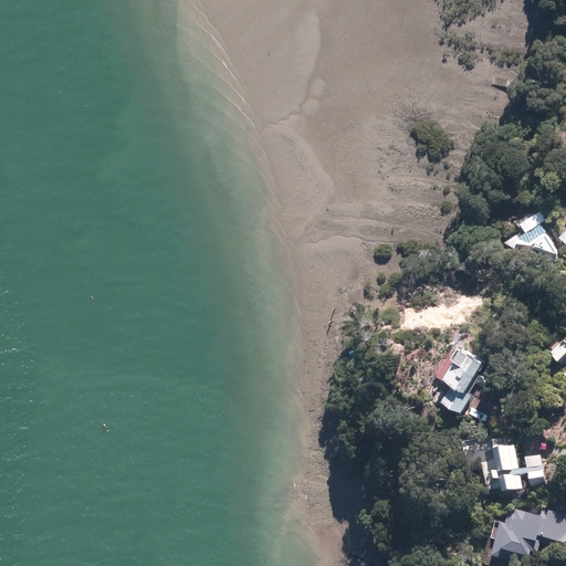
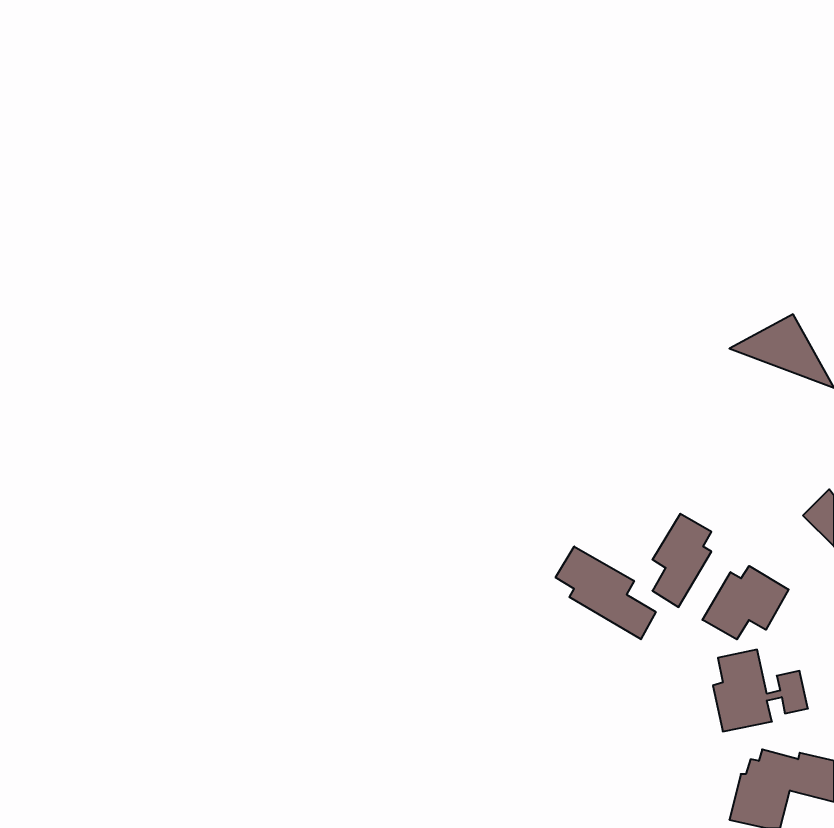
building: none -> [556,546,656,639]
building: none -> [702,566,789,639]

